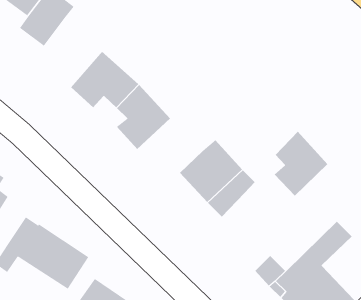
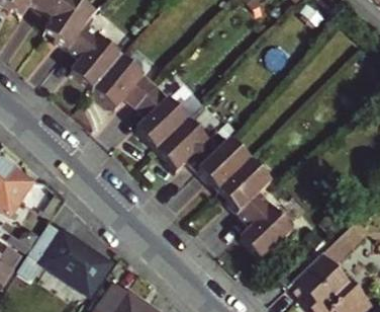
building: none -> [69,29,124,96]
building: none -> [159,127,221,179]
building: [274,131,328,197] -> [240,200,292,263]

